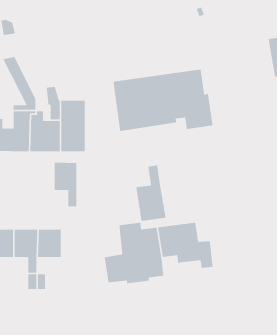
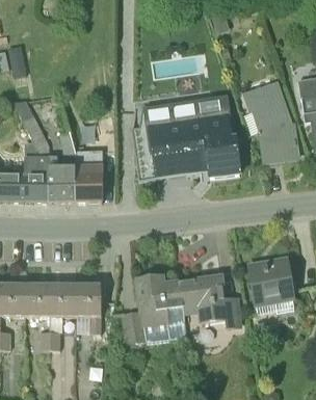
building: none -> [245,83,297,161]
building: [54,162,77,207] -> [76,284,101,332]
building: [136,165,167,222] -> none
building: none -> [248,259,294,309]

